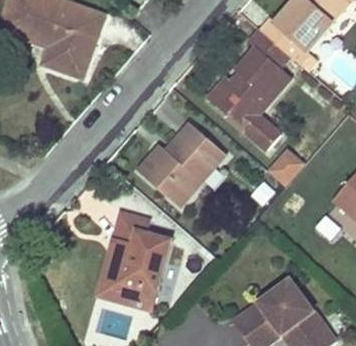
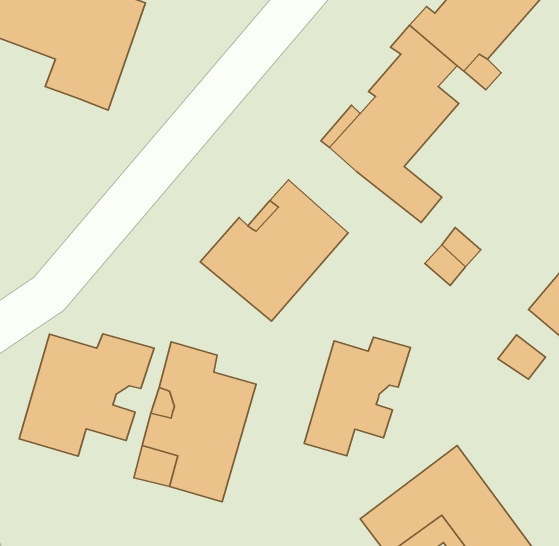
building: none -> [19,334,154,456]
building: none -> [304,337,411,456]

